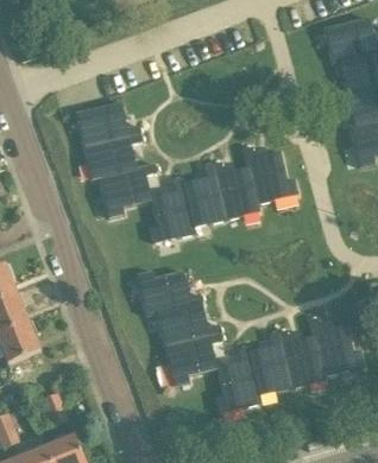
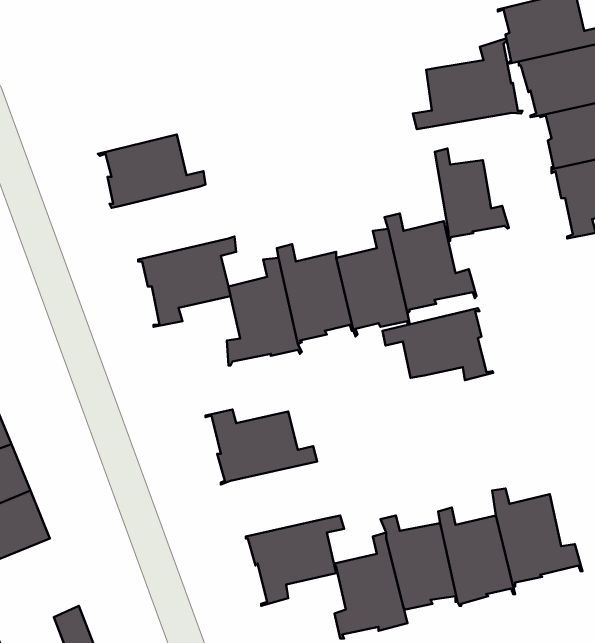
building: none -> [413,39,522,129]
building: none -> [435,148,509,241]
building: [83,133,150,178] -> none
building: none -> [383,308,493,380]
building: [151,302,213,349] -> none

